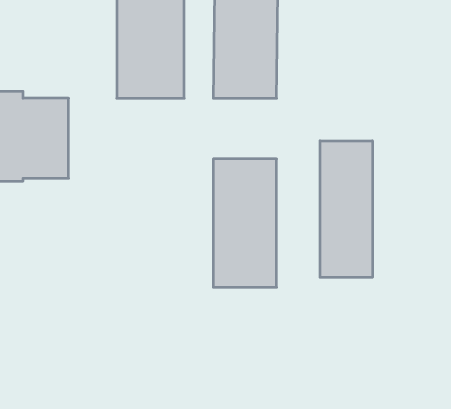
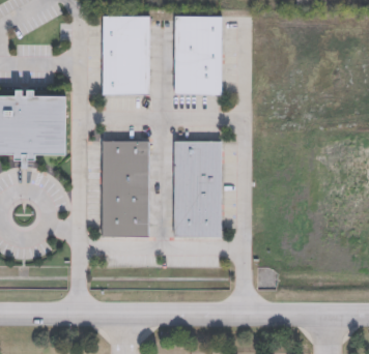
building: [320,141,372,277] -> none
building: none -> [101,141,151,238]

